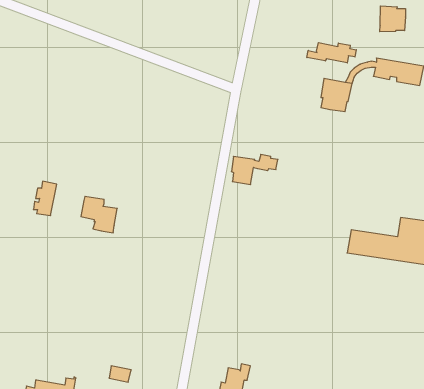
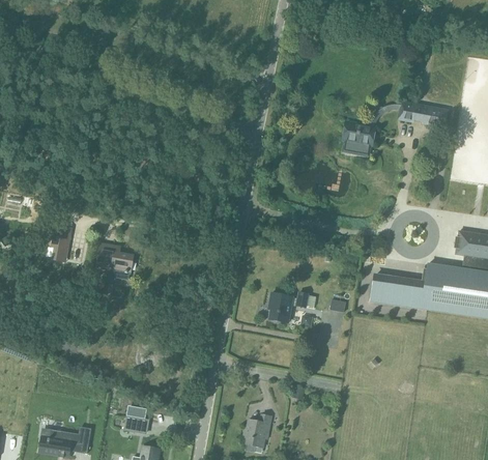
building: [380,6,405,32] -> none
building: [307,43,356,63] -> none
building: [231,154,278,185] -> [269,290,317,321]

